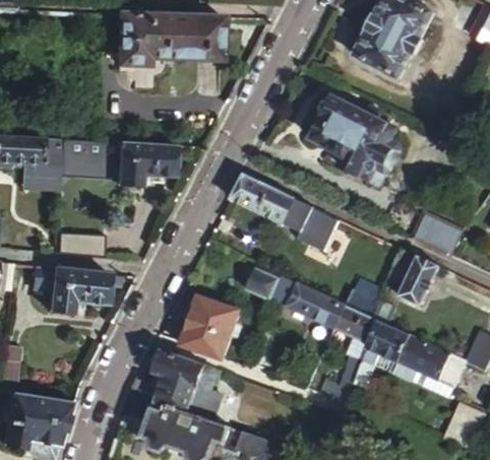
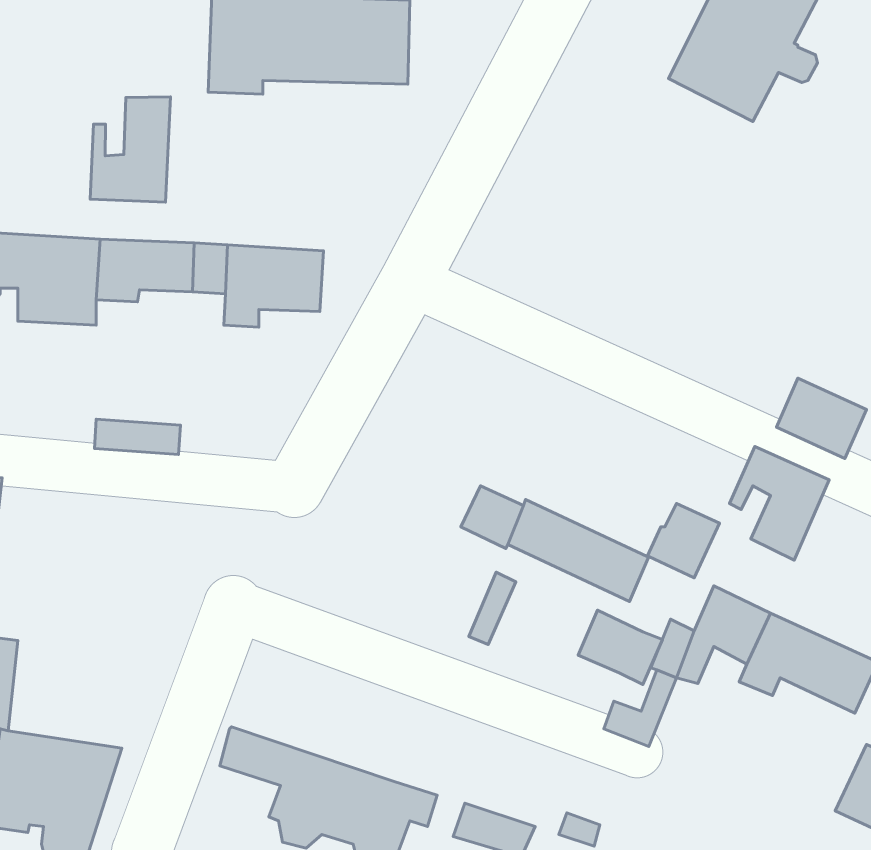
building: none -> [90,97,170,202]
building: [313,95,402,177] -> none
building: [230,174,344,247] -> none
building: [32,267,109,314] -> none
building: [182,294,241,359] -> none
building: [335,305,379,343] -> [578,610,662,685]
building: [129,349,222,421] -> none

